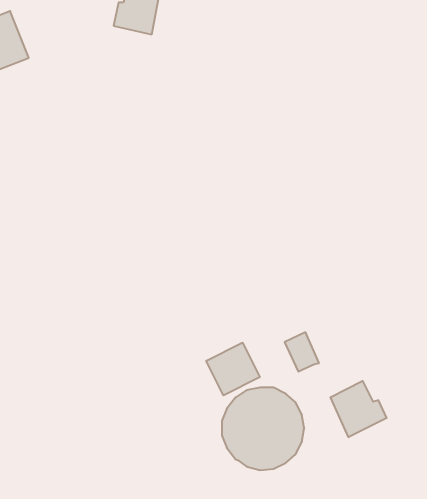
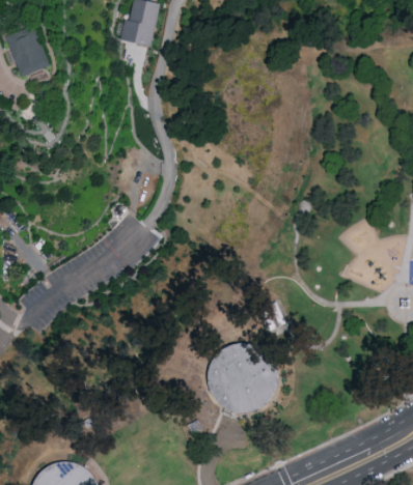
building: [206,343,260,395] -> none
building: [331,381,387,437] -> none

